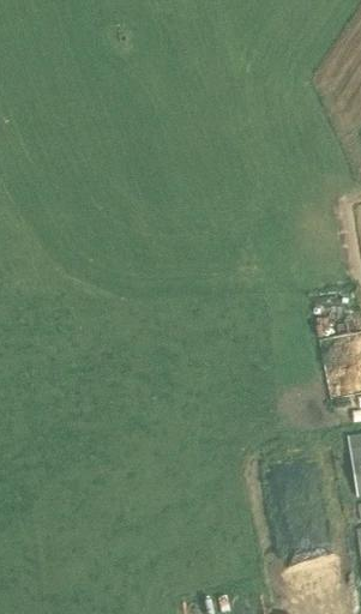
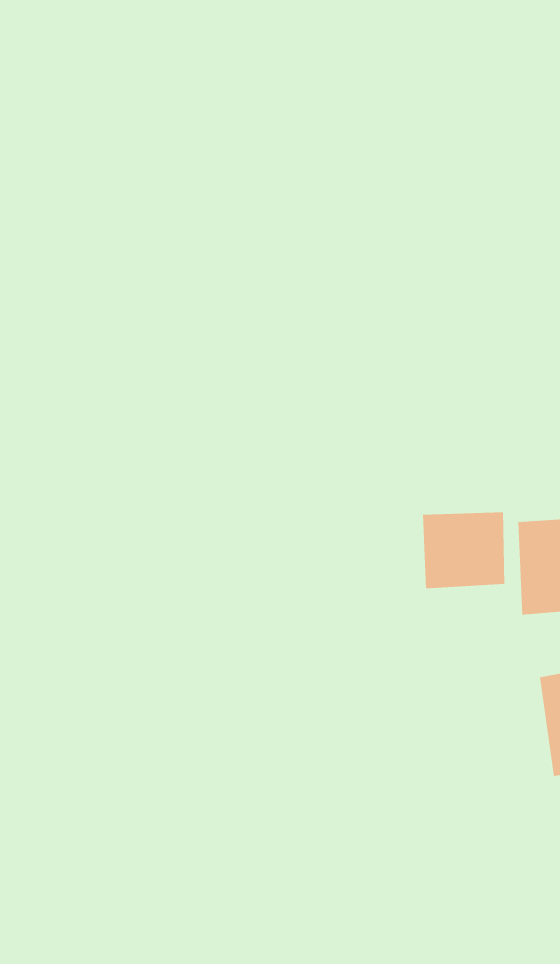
building: none -> [422,511,505,589]

